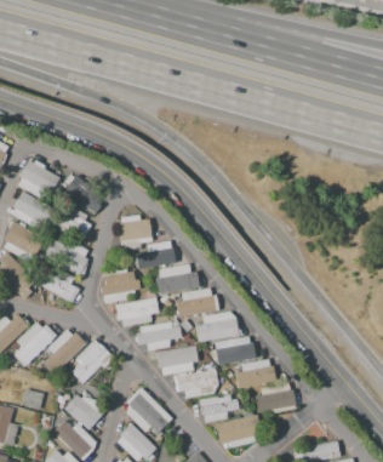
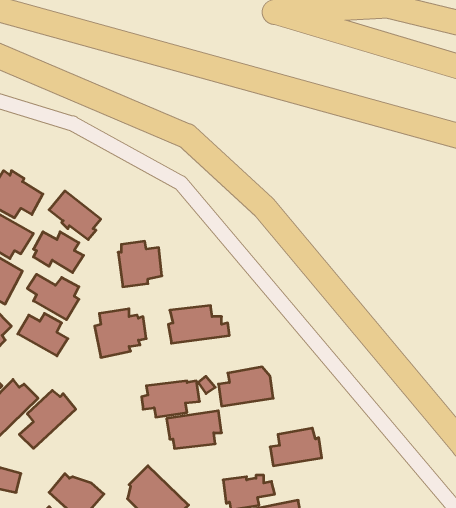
building: [136,240,176,269] -> none
building: [177,289,219,318] -> none
building: [115,298,159,326] -> none
building: [216,336,257,365] -> none
building: [73,340,114,383] -> none
building: [175,369,218,399] -> none
building: [256,383,297,413] -> none

